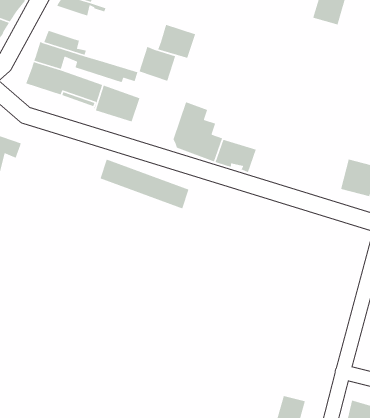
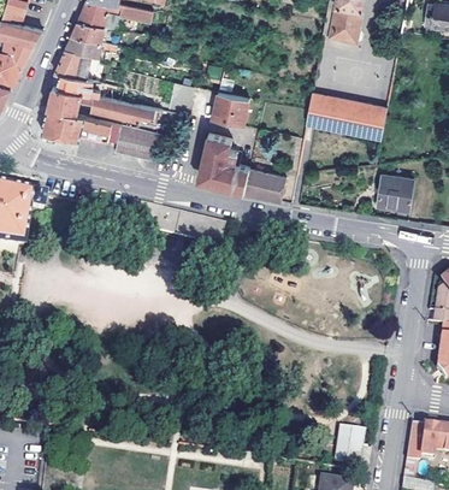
building: none -> [55,47,93,78]
building: [157,24,196,59] -> [213,90,252,124]
building: none -> [307,90,389,136]

